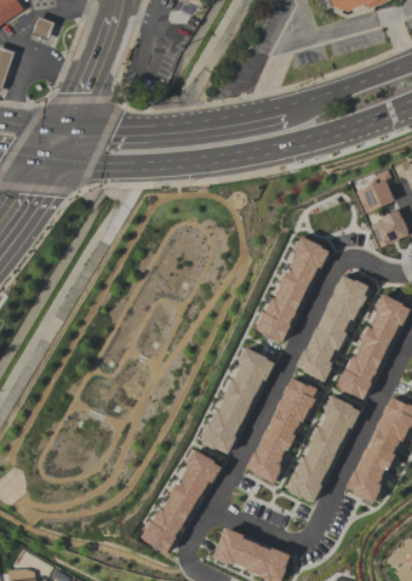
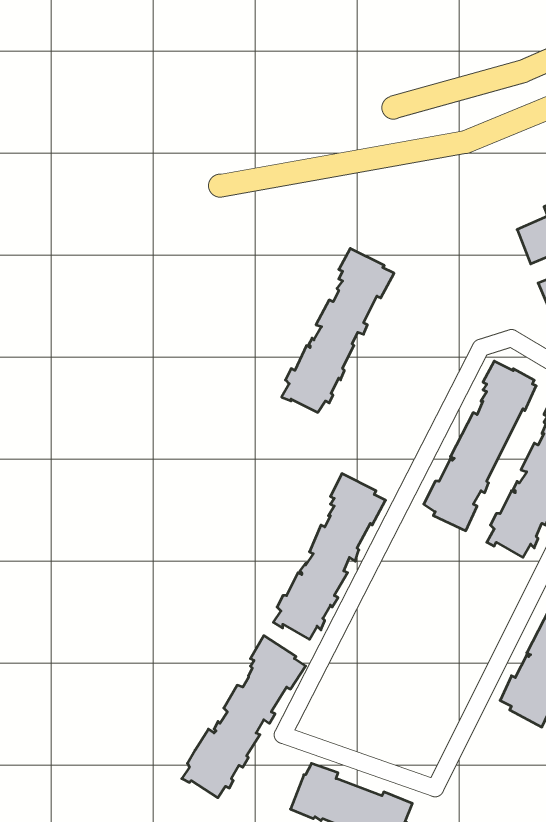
building: [258,232,330,336] -> [282,248,394,412]
building: [247,375,319,483] -> none
building: [288,394,360,499] -> none

